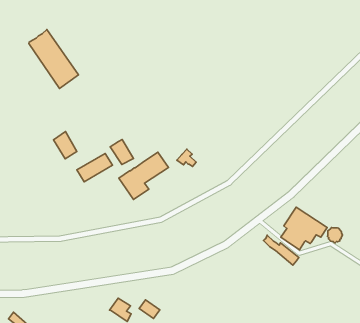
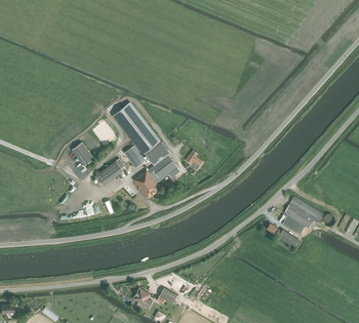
building: [29,30,78,89] -> [114,103,160,155]

